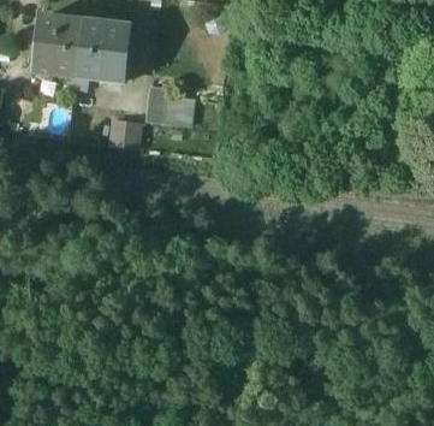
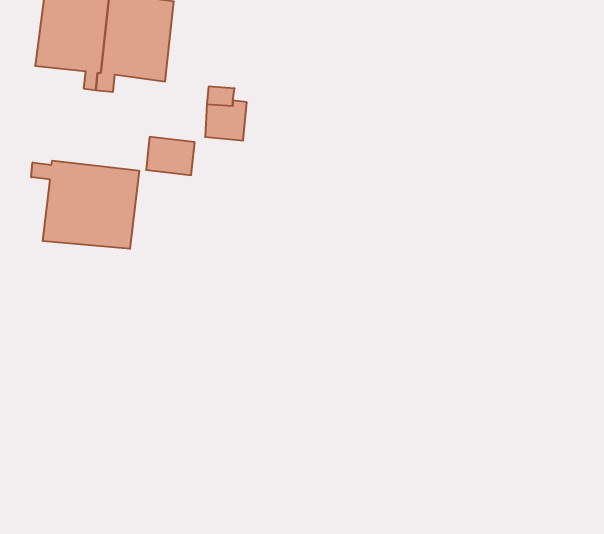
building: none -> [31,161,139,249]

